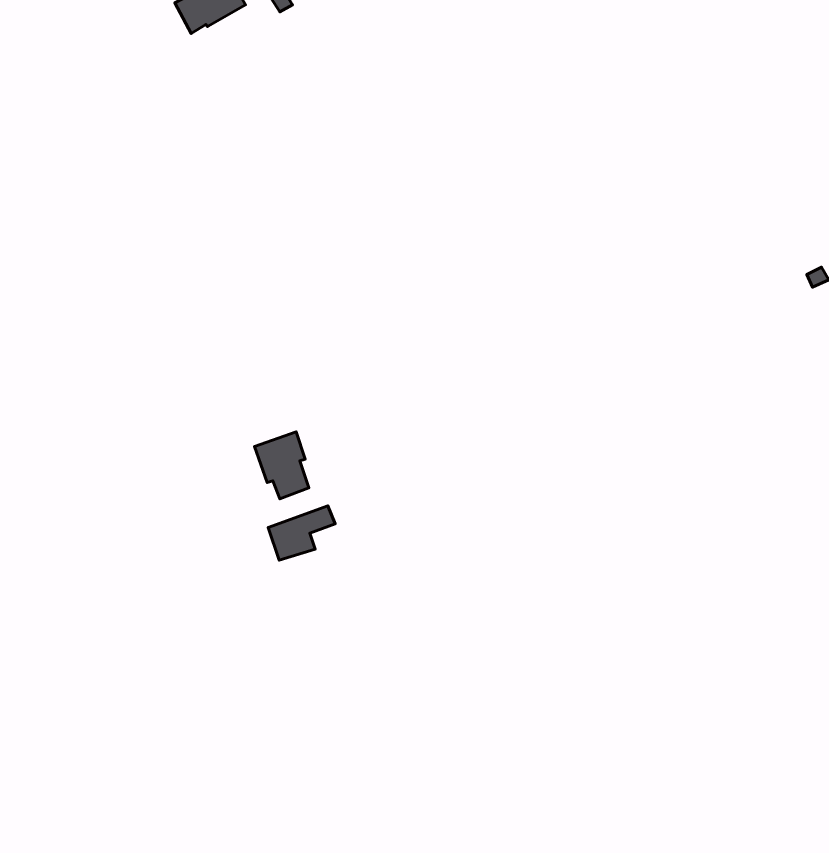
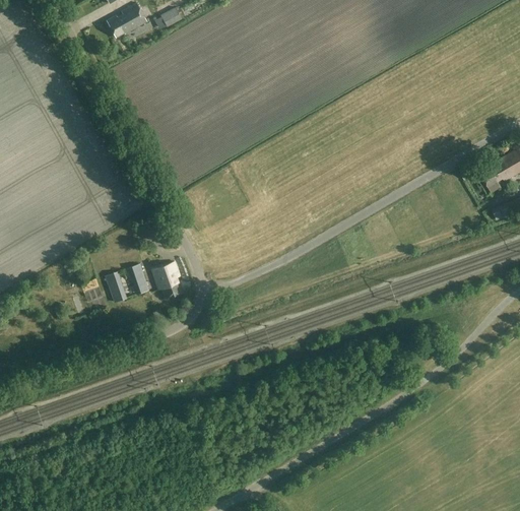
building: [268,506,335,560] -> [110,269,147,300]

